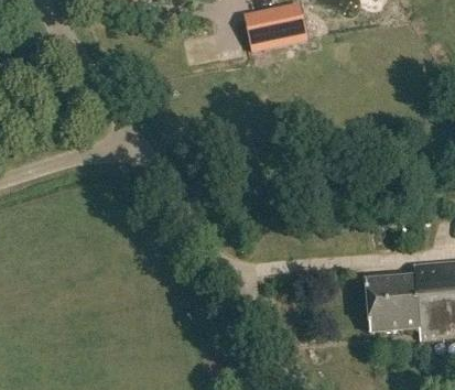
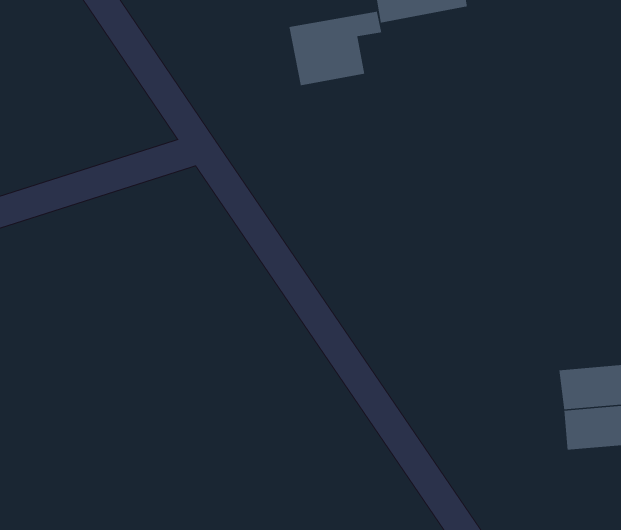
building: none -> [289,11,382,86]

